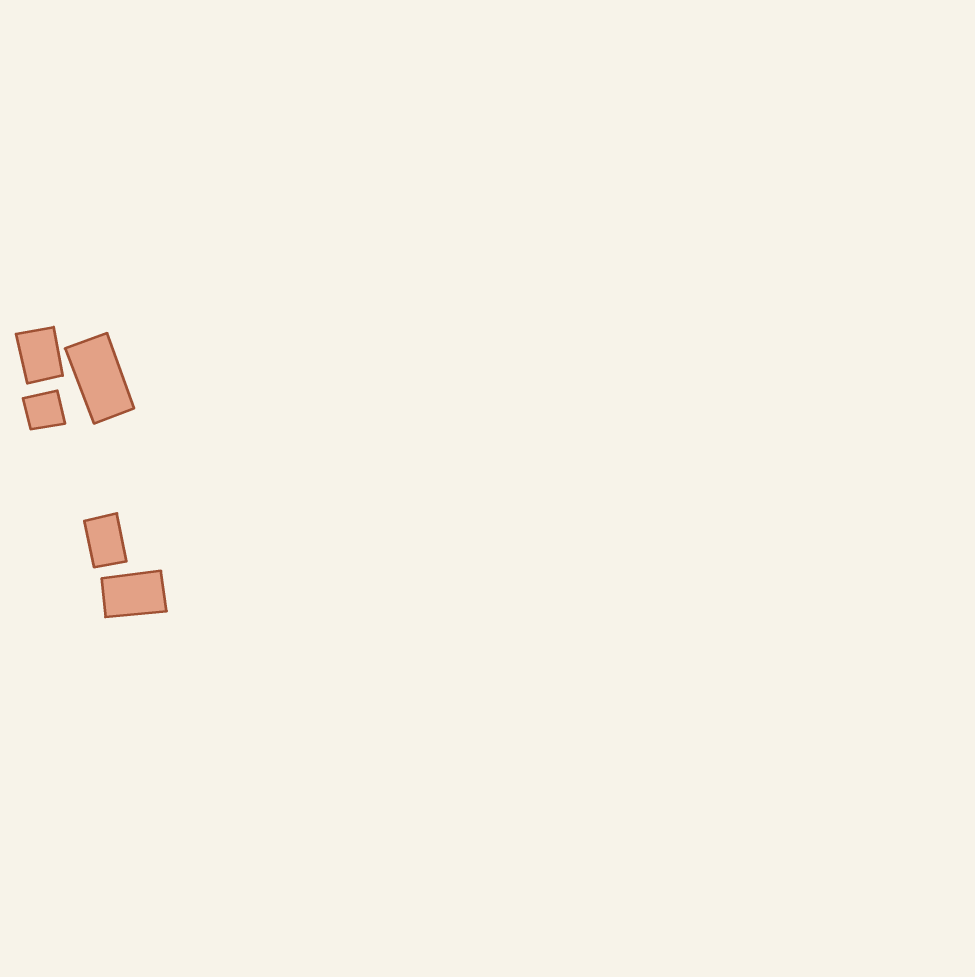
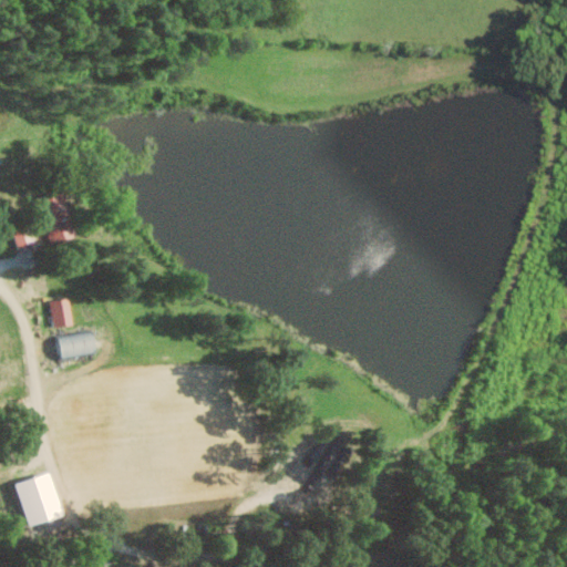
building: [16,327,63,383] -> none
building: none -> [16,474,63,527]

